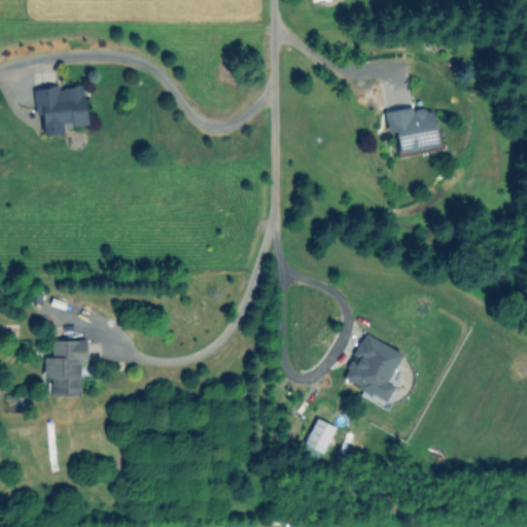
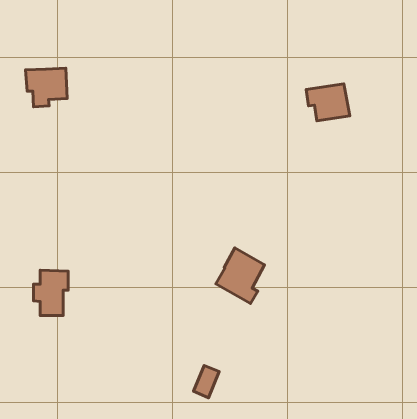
building: [343,332,403,402] -> [216,248,264,304]
building: [304,419,336,459] -> [194,366,219,398]

